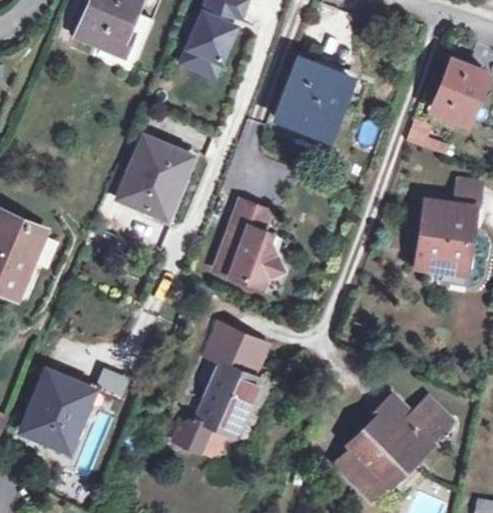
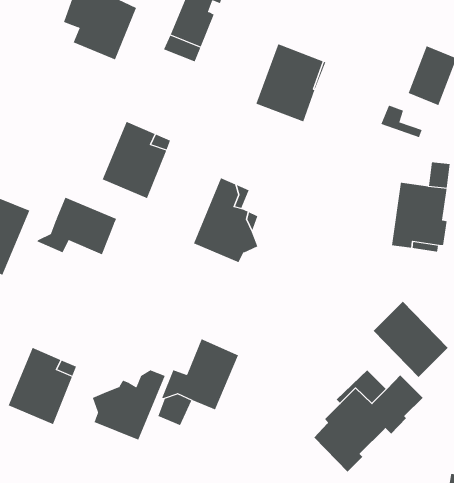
building: none -> [36,197,117,255]
building: [204,324,269,378] -> none
building: none -> [373,301,448,378]
building: none -> [92,370,166,440]

